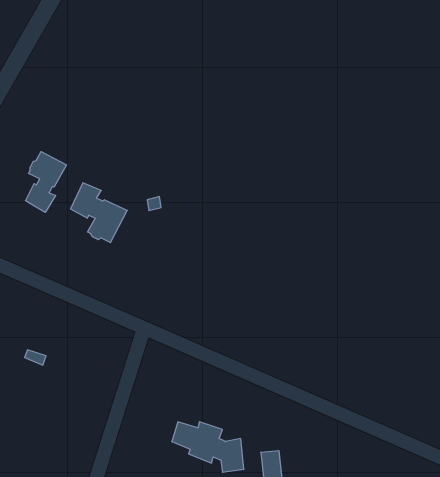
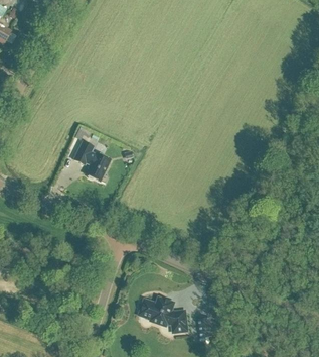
building: [25,152,67,212] -> none

